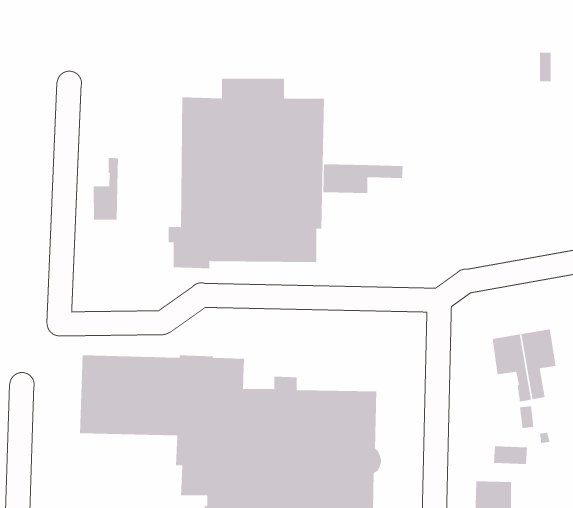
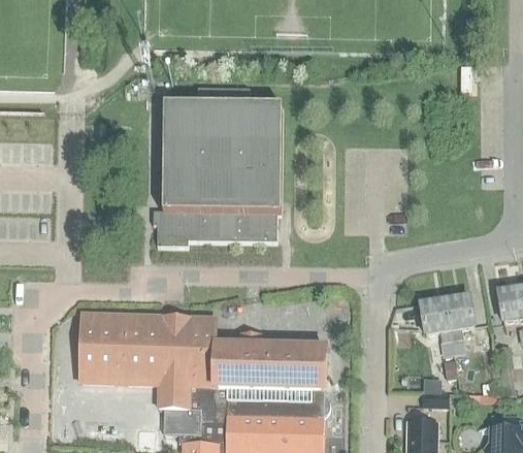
building: [93,157,119,221] -> none
building: [323,164,403,194] -> none

